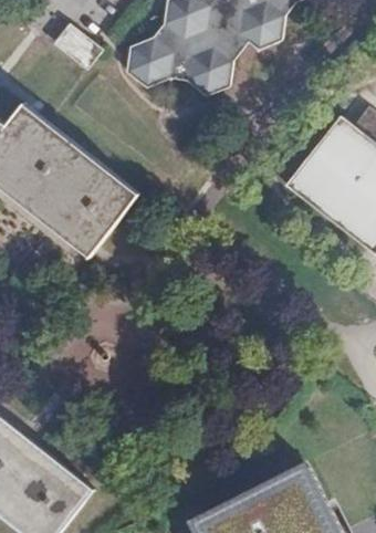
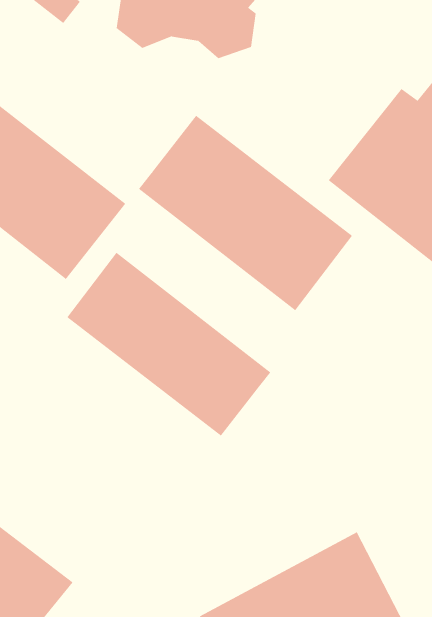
building: none -> [138,115,353,311]
building: none -> [66,252,271,436]

